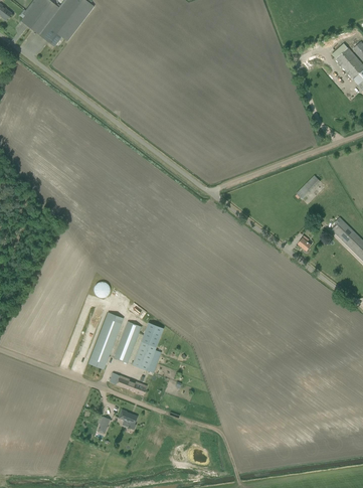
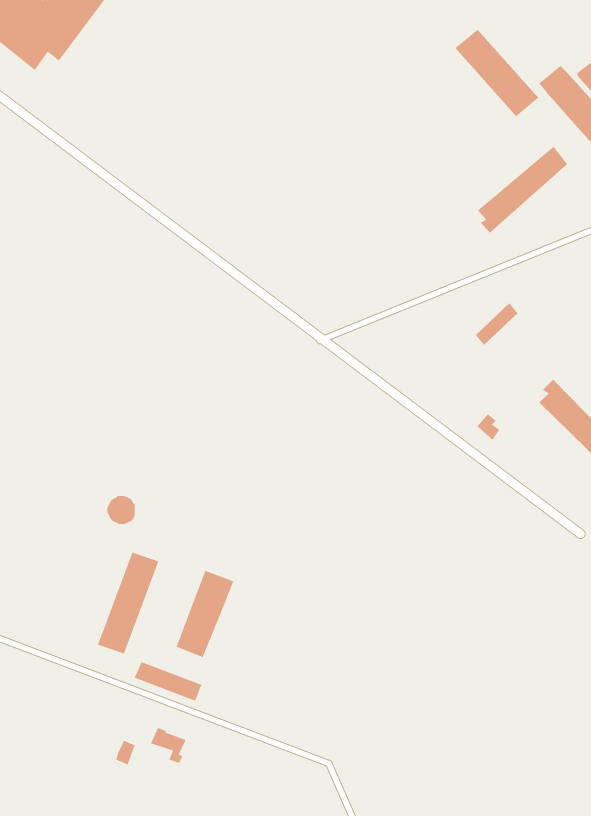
building: none -> [455,29,539,117]
building: none -> [477,146,568,234]
building: [113,321,142,362] -> none

